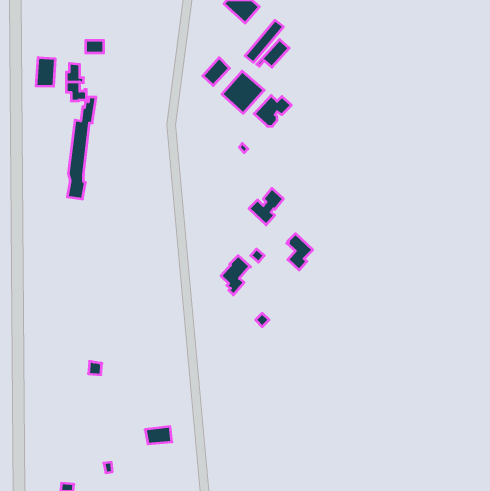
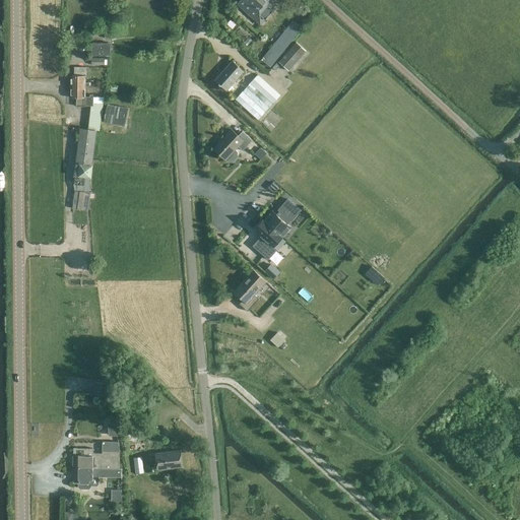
building: [36,57,55,86] -> none
building: [254,95,291,126] -> [212,130,252,162]
building: none -> [103,104,127,127]
building: [287,234,313,270] -> [254,220,281,259]
building: none -> [72,442,121,483]

